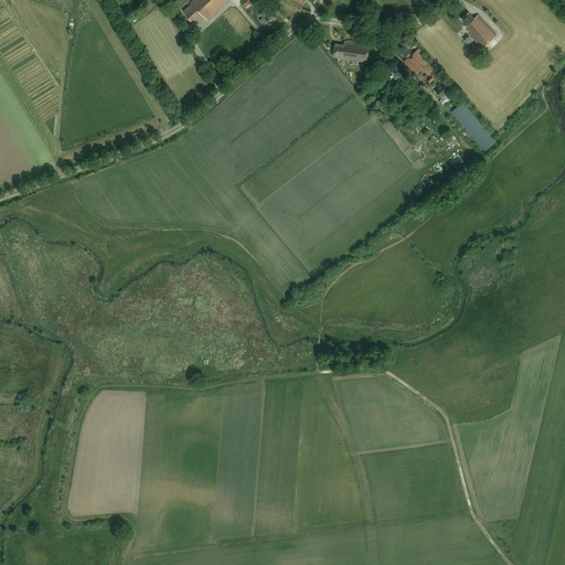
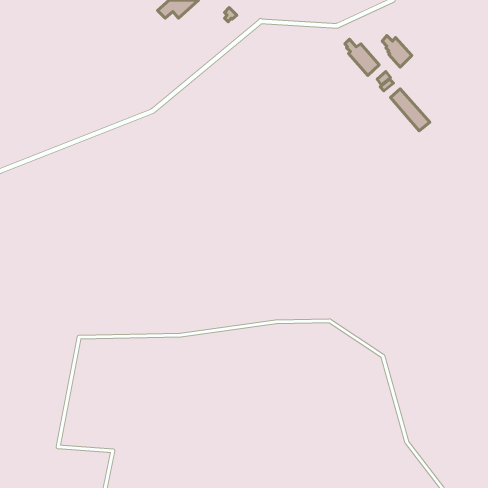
building: [461,13,495,50] -> [382,36,412,67]
building: [333,41,370,63] -> none

